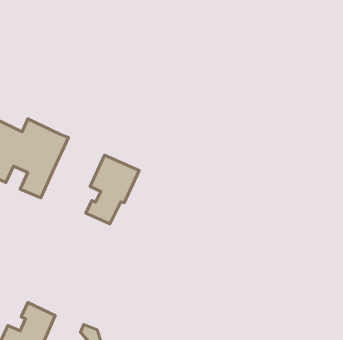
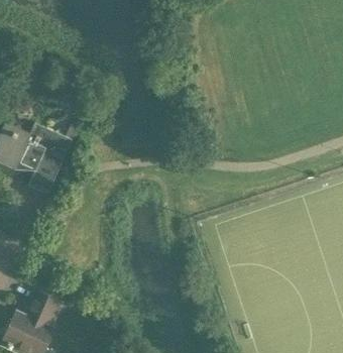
building: [86,155,139,224] -> none

